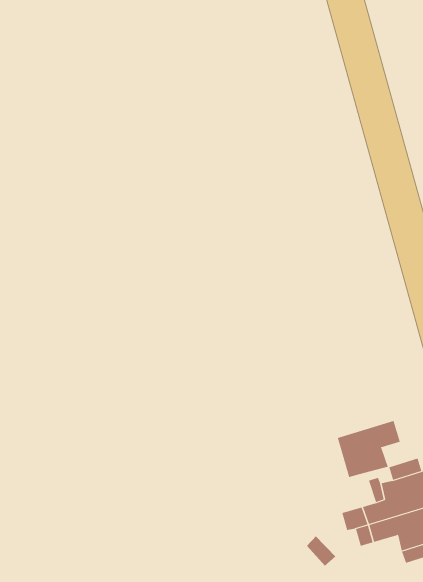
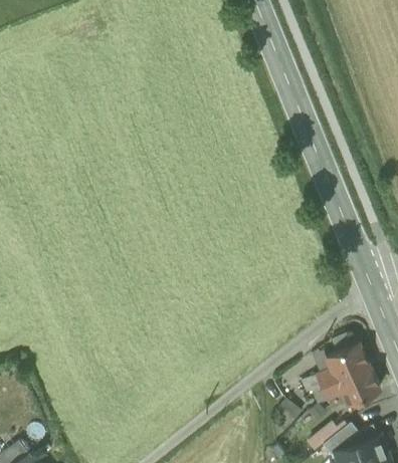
building: [337,420,401,478] -> none

